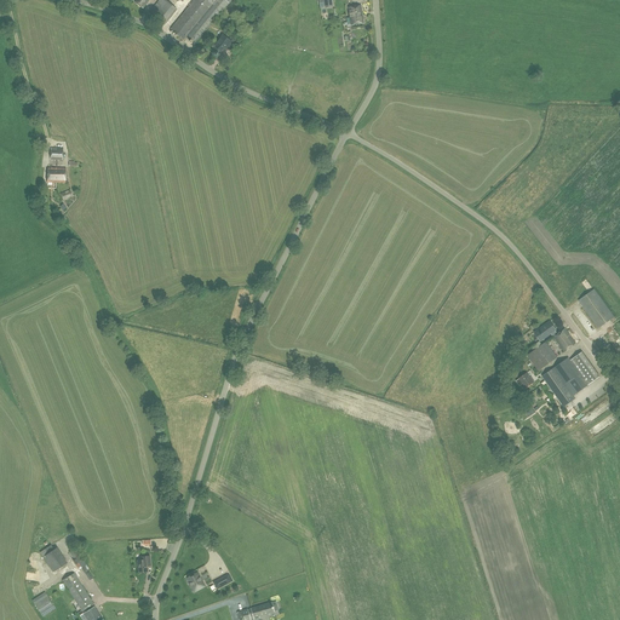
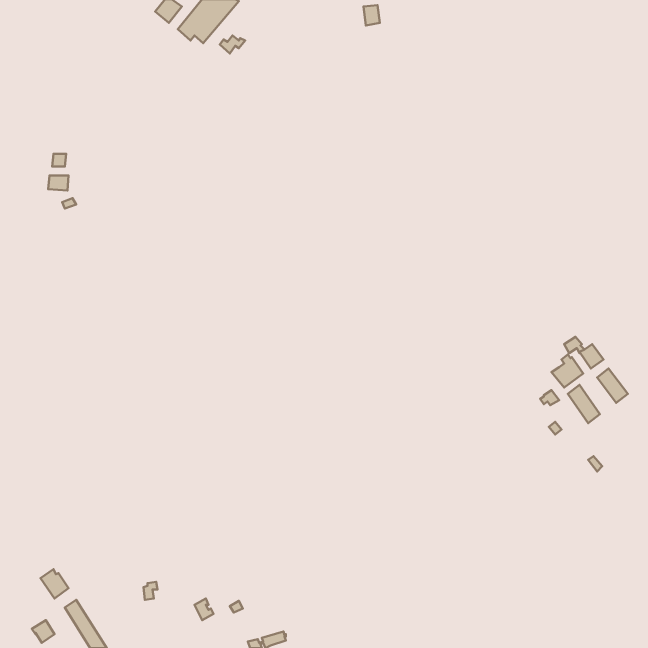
building: [578,288,613,327] -> none
building: [552,356,587,395] -> none

